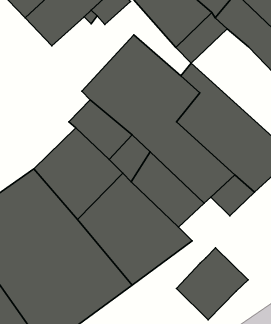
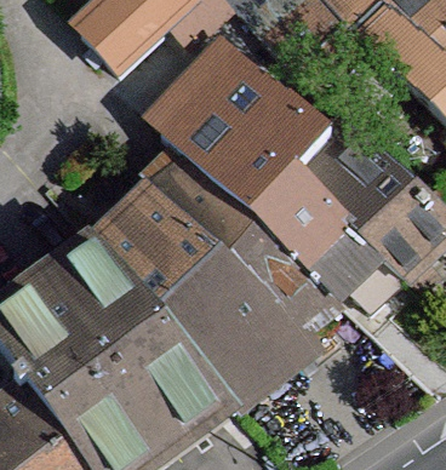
building: [177,248,248,320] -> none

